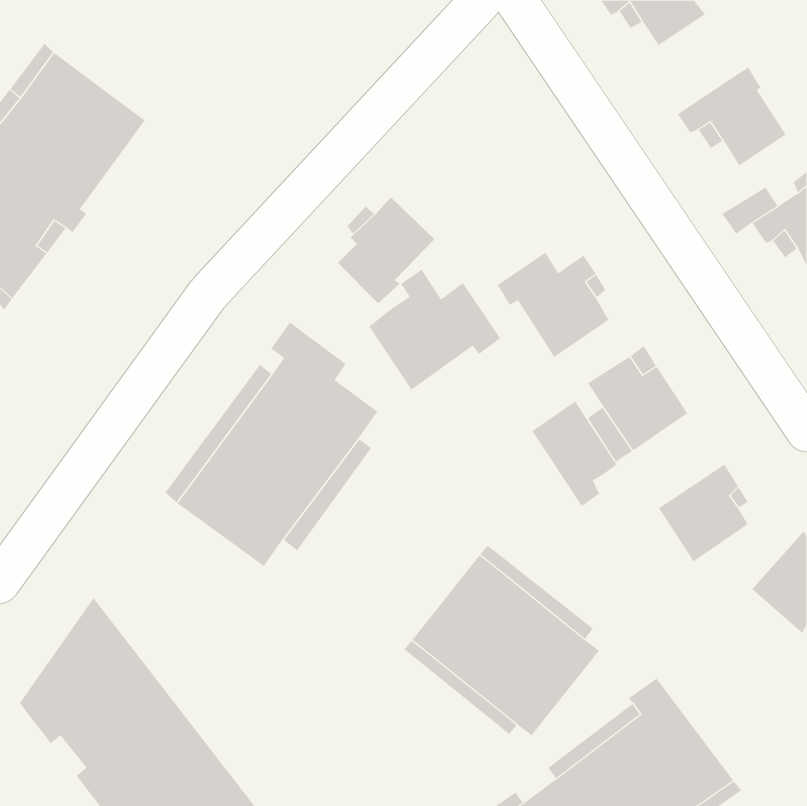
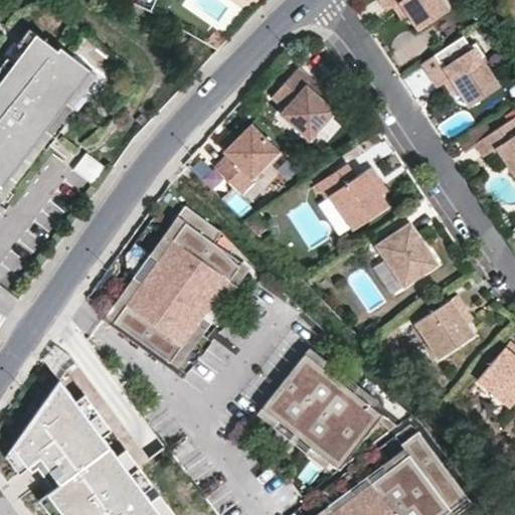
building: none -> [272,69,333,140]
building: [368,269,501,391] -> none
building: [531,400,617,507] -> none

